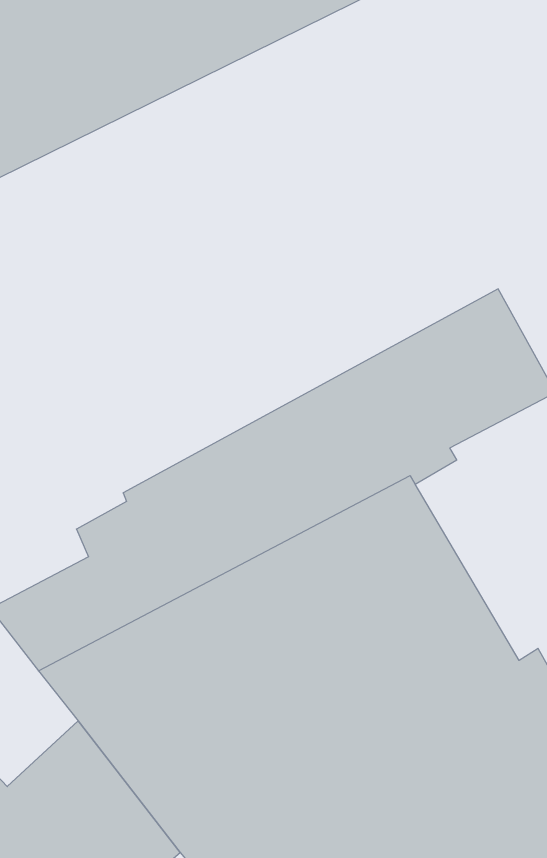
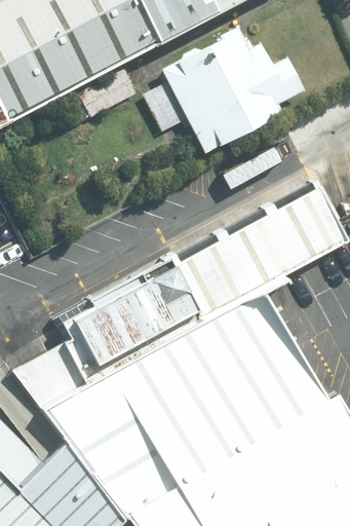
building: none -> [160,25,284,157]

